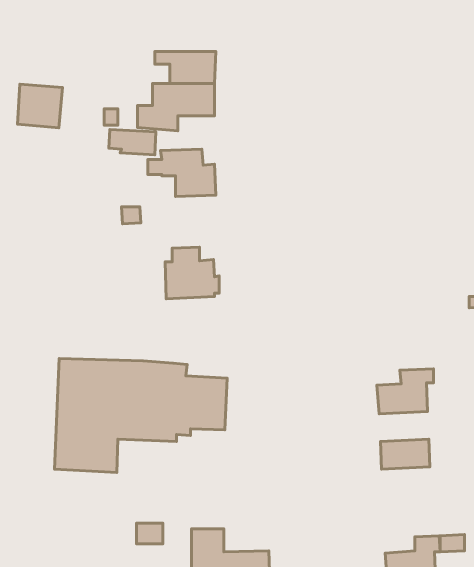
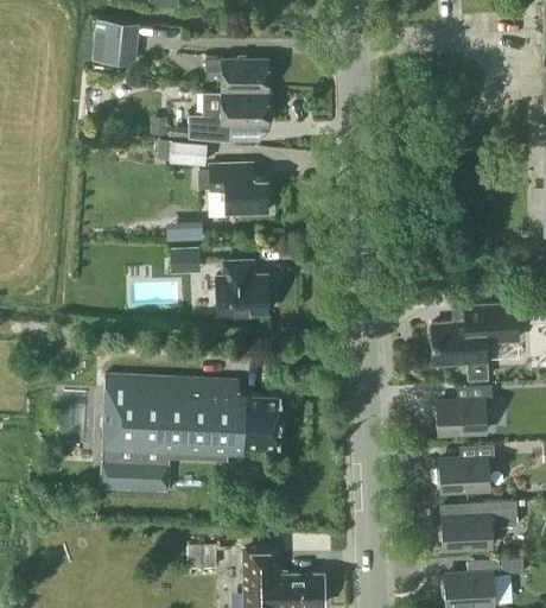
building: [18,84,62,128] -> [93,20,139,65]
building: none -> [171,248,201,274]
building: none -> [431,304,518,380]
building: none -> [440,501,516,549]

